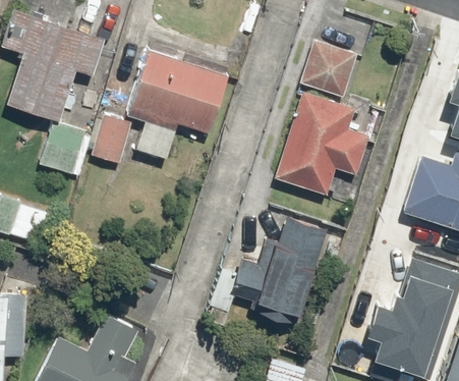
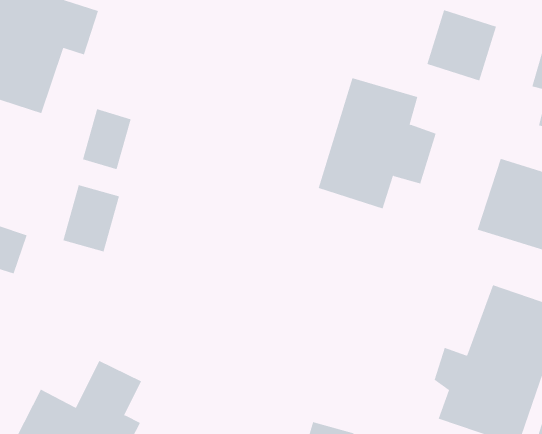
building: [300,43,355,99] -> [427,10,497,81]
building: [128,51,229,160] -> none
building: [40,123,84,176] -> [62,184,120,252]
building: [236,217,326,312] -> none

